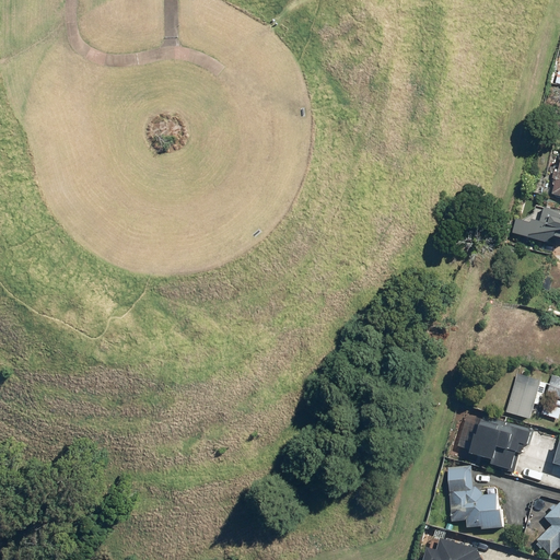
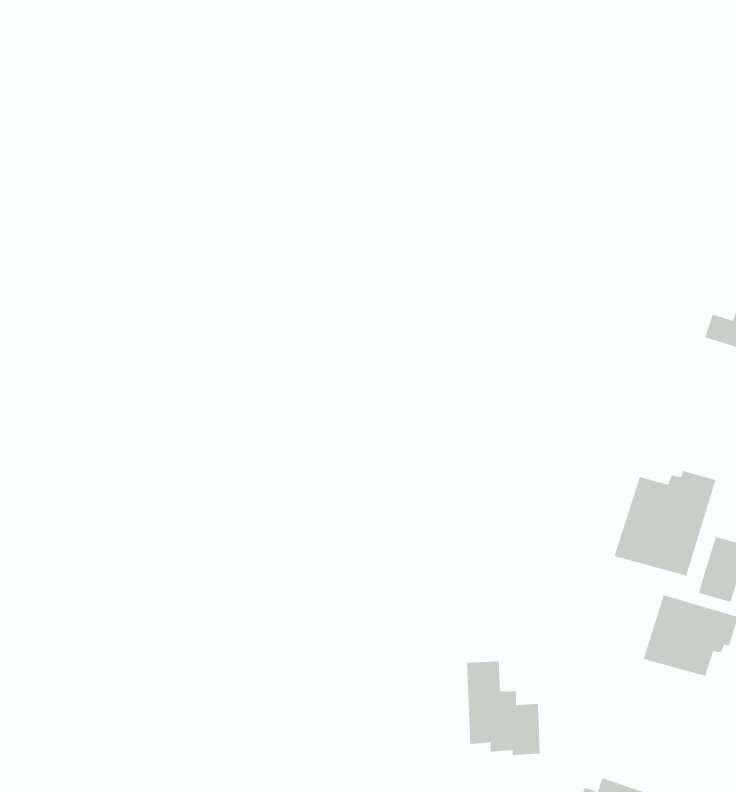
building: none -> [614,470,716,576]
building: [448,464,500,529] -> [466,661,540,755]

